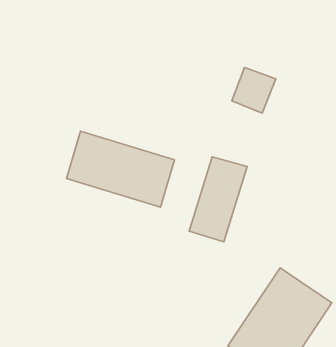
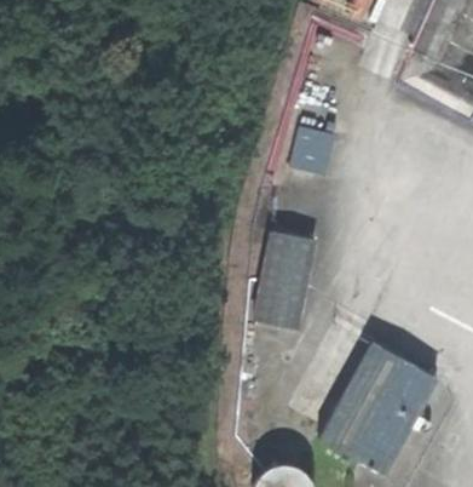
building: [66,131,174,207] -> none

